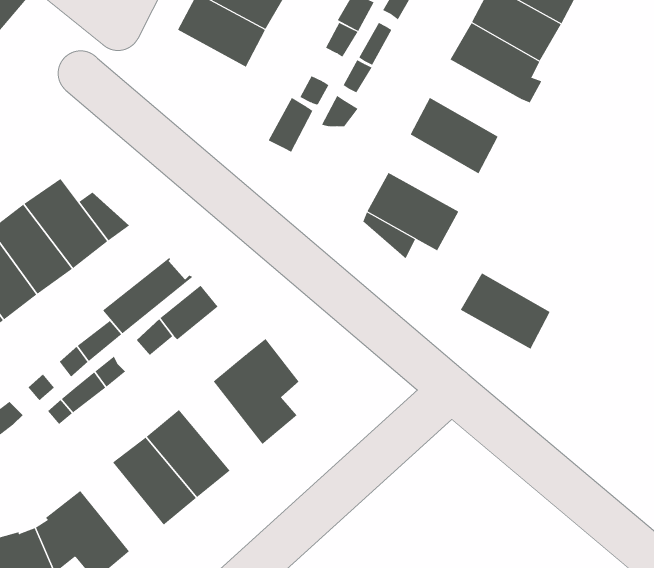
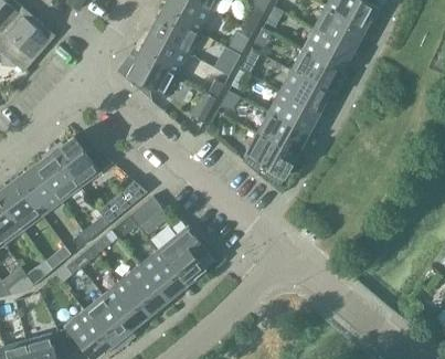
building: none -> [126,54,177,97]
building: none -> [279,71,330,114]
building: [460,272,551,349] -> [256,113,307,156]
building: none -> [139,251,186,300]
building: none -> [84,296,130,346]

